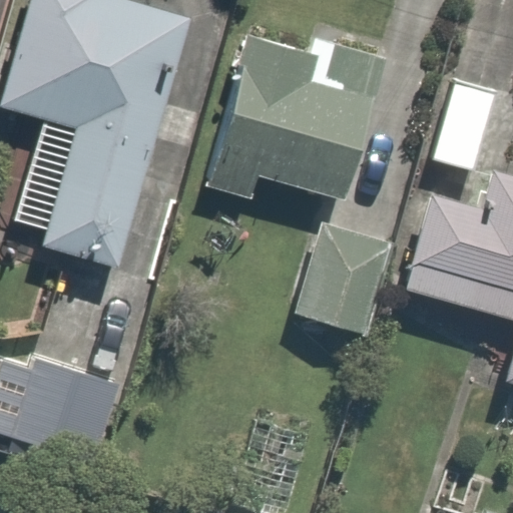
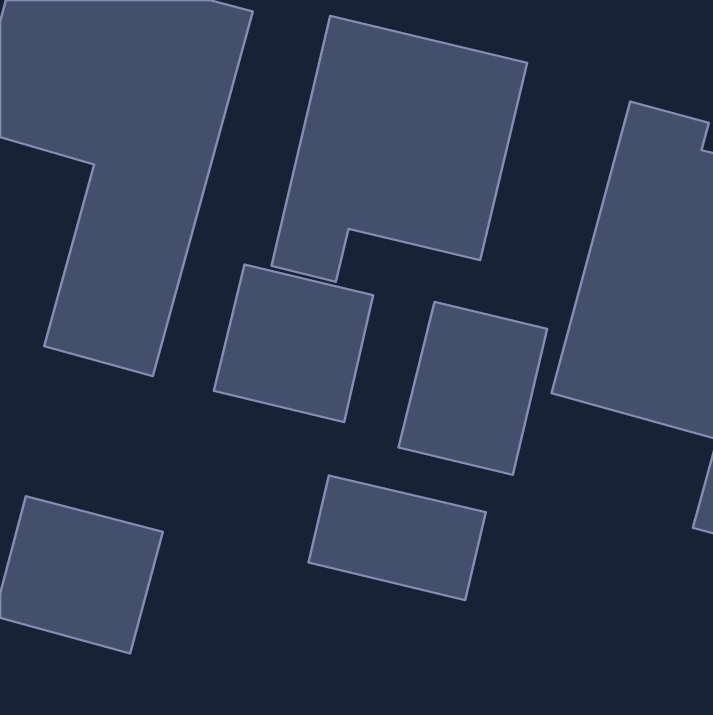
building: none -> [214,265,373,422]
building: none -> [308,476,486,600]

